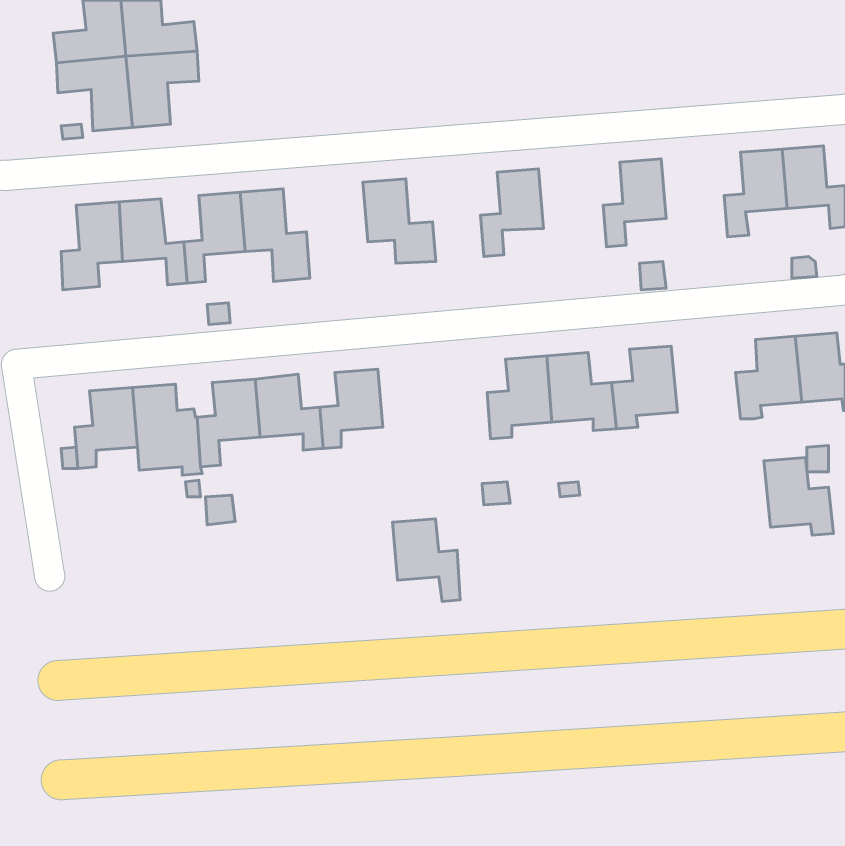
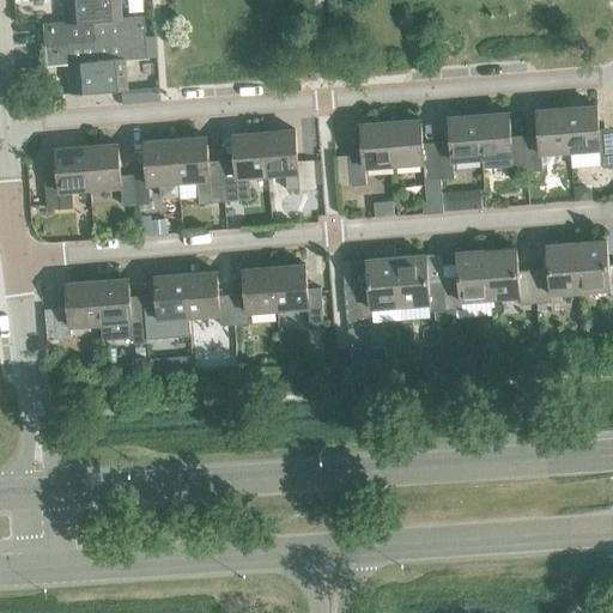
building: none -> [478,113,526,172]
building: none -> [389,120,441,213]
building: none -> [221,132,266,201]
building: [764,457,834,535] -> [485,248,535,304]
building: [392,519,460,602] -> [273,265,322,324]

